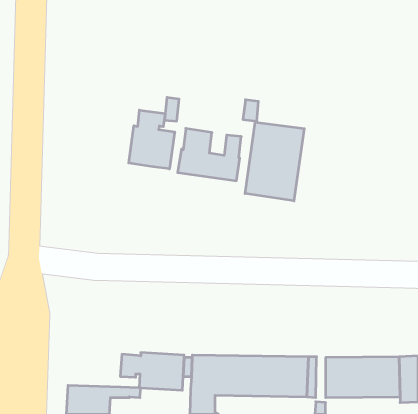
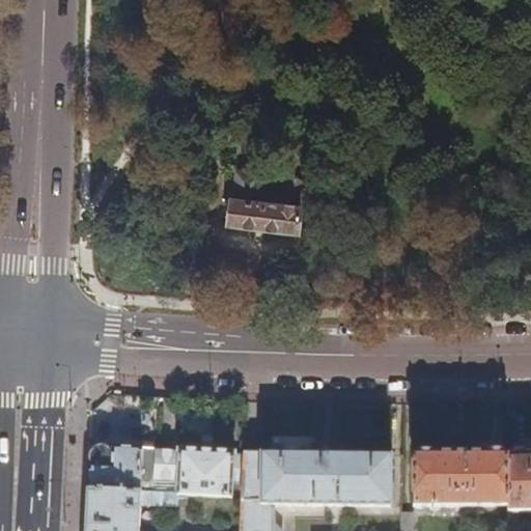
building: [129,110,175,169] -> none
building: [245,122,304,201] -> none
building: none -> [86,443,155,491]

